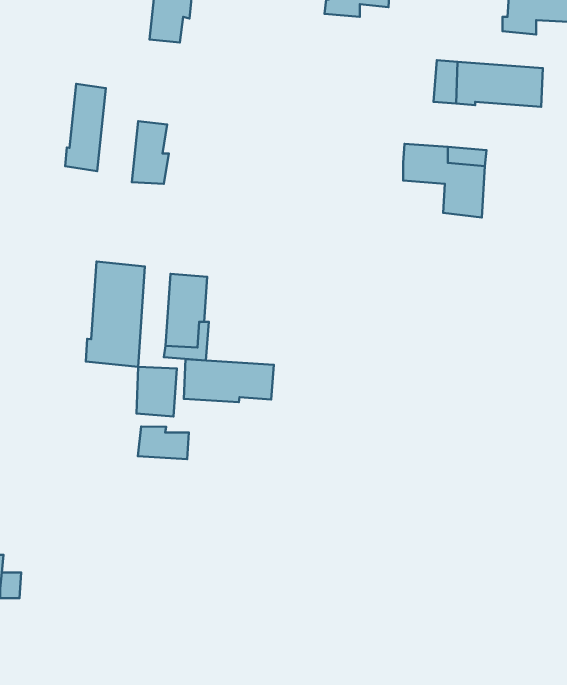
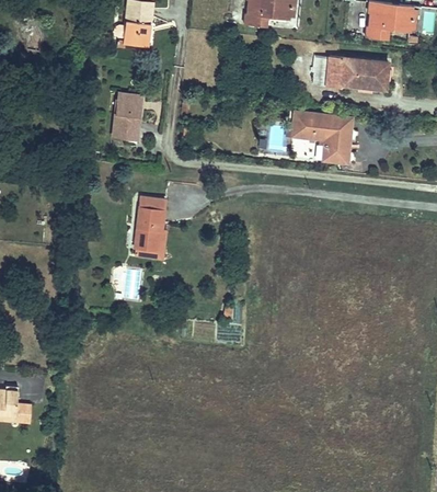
building: [65,84,106,171] -> none
building: [86,262,145,367] -> none
building: [184,359,274,402] -> none
building: [138,427,189,459] -> none

